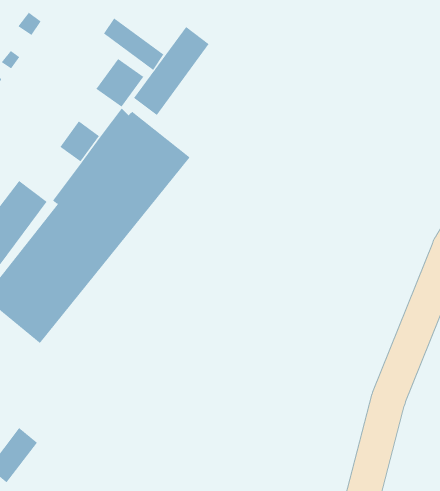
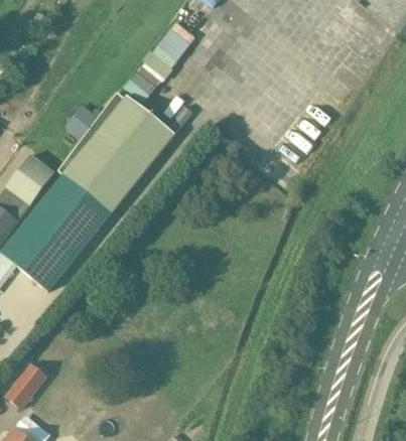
building: [103,17,164,71] -> none
building: [96,58,144,107] -> none

